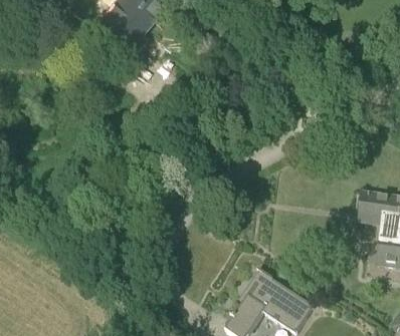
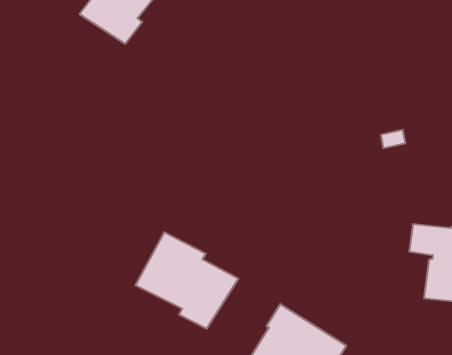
building: none -> [136,232,238,329]

